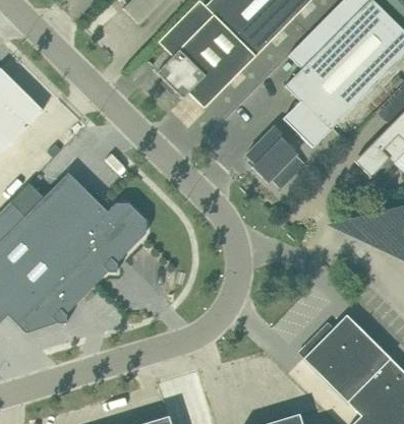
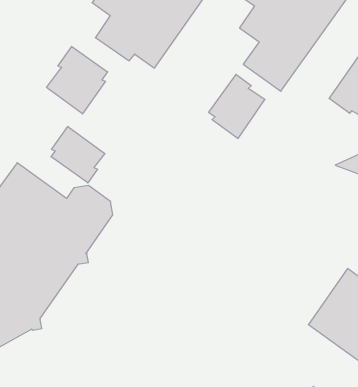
building: none -> [47,46,108,114]
building: none -> [51,126,105,183]

